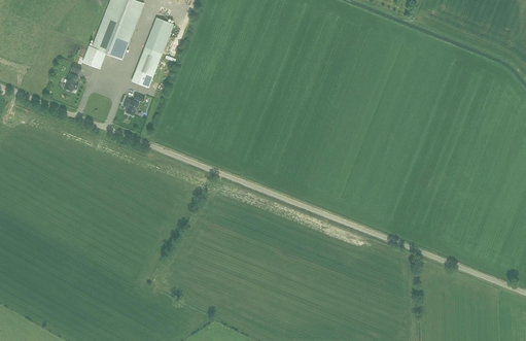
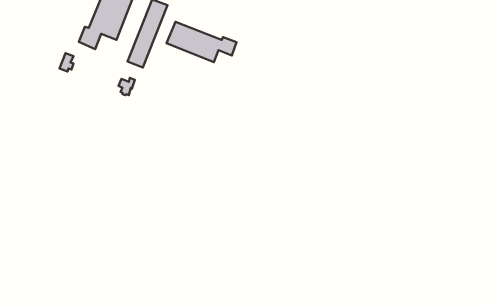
building: none -> [166,22,237,62]

